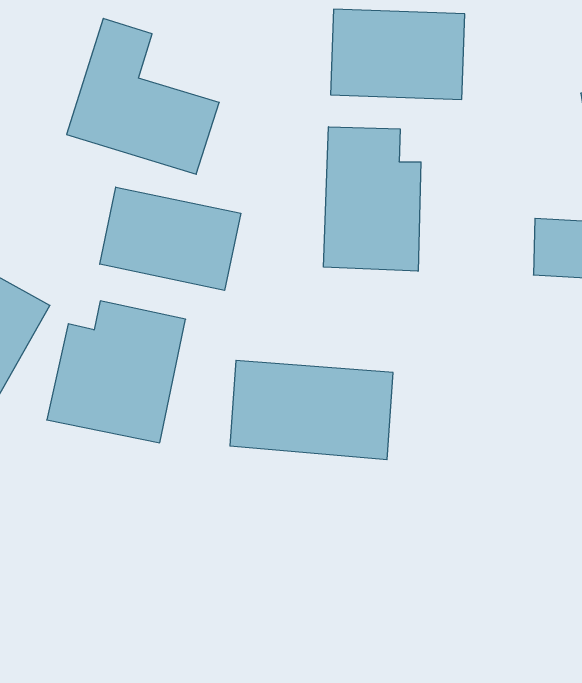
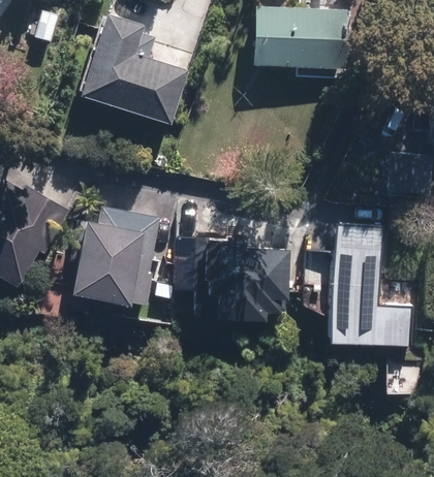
building: [324,127,421,271] -> none
building: [100,187,241,290] -> none
building: none -> [328,243,409,348]

